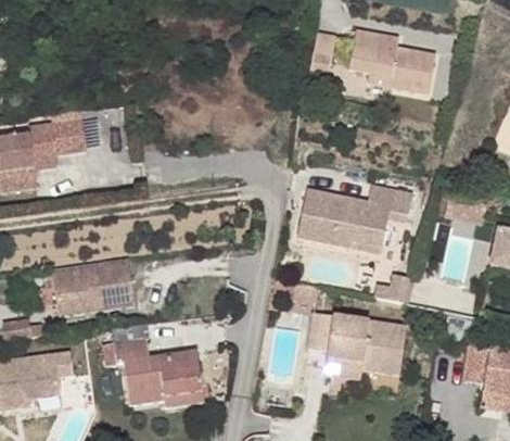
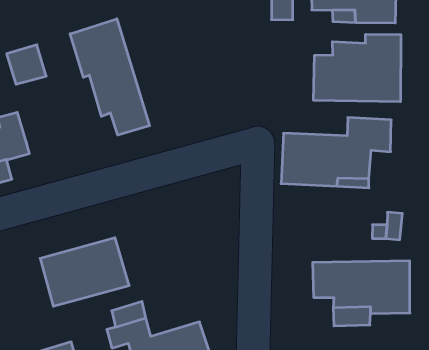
building: none -> [70,19,150,135]
building: none -> [314,34,401,102]
building: [53,119,88,154] -> [7,45,46,84]

